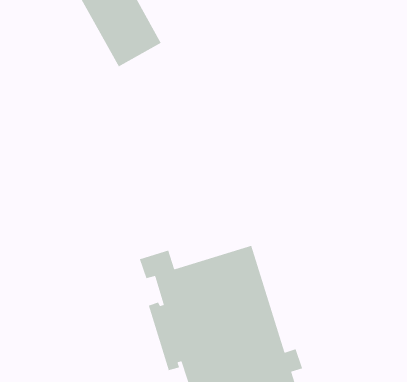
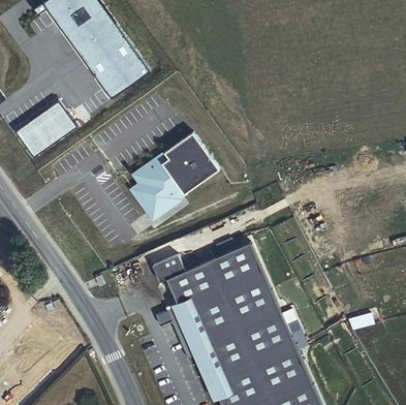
building: none -> [18,101,76,155]
building: none -> [128,133,217,220]

